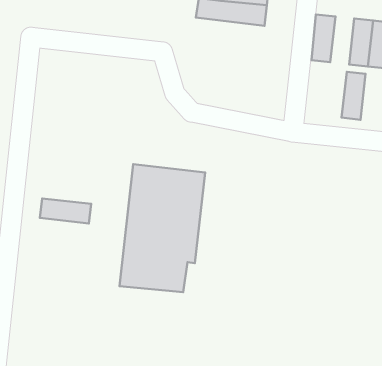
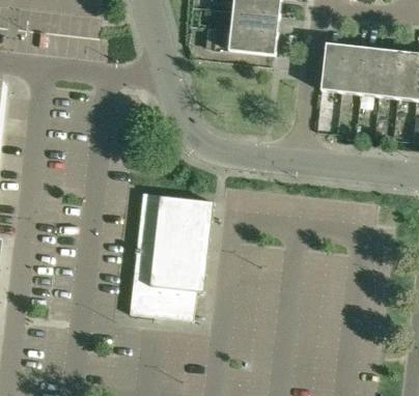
building: [342,72,366,120] -> [340,45,364,92]
building: [40,198,91,223] -> none

